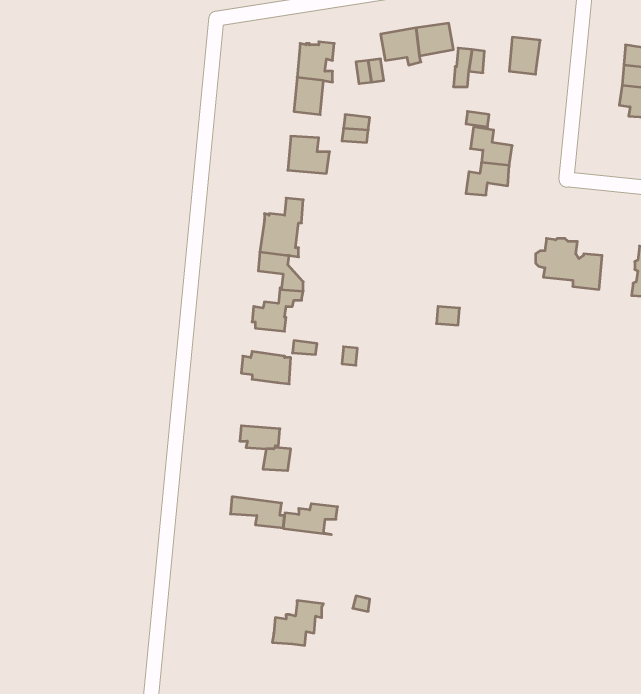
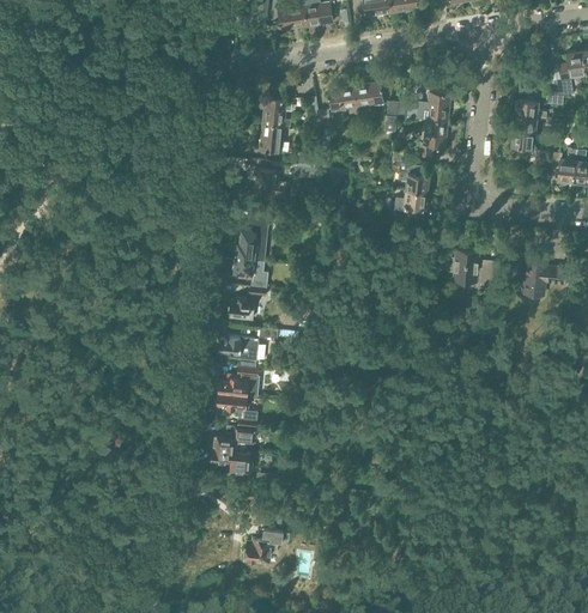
building: none -> [420,119,448,154]
building: none -> [220,366,260,396]
building: [283,504,338,535] -> [214,429,256,453]

